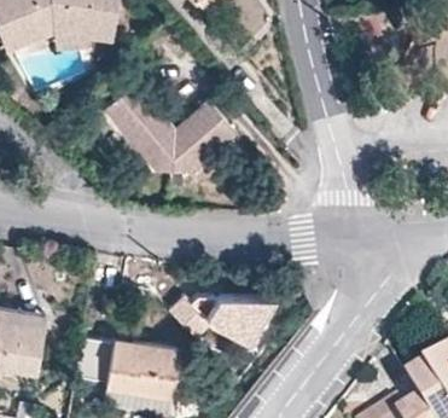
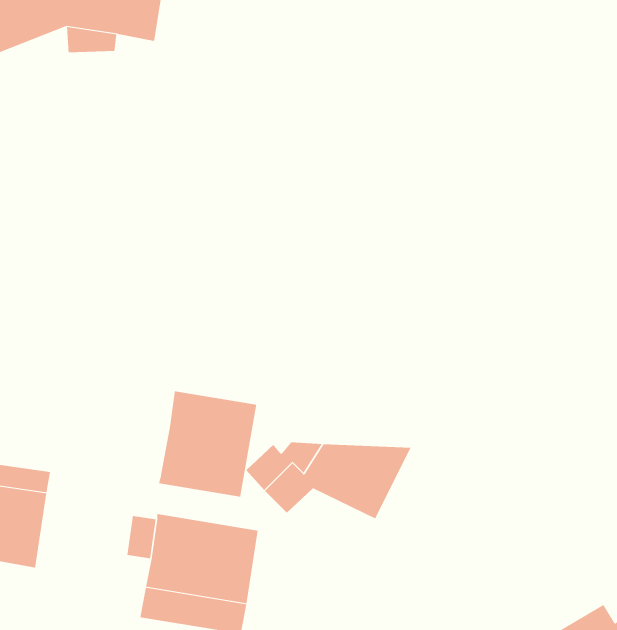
building: [103,81,235,172] -> none
building: none -> [158,391,257,497]

